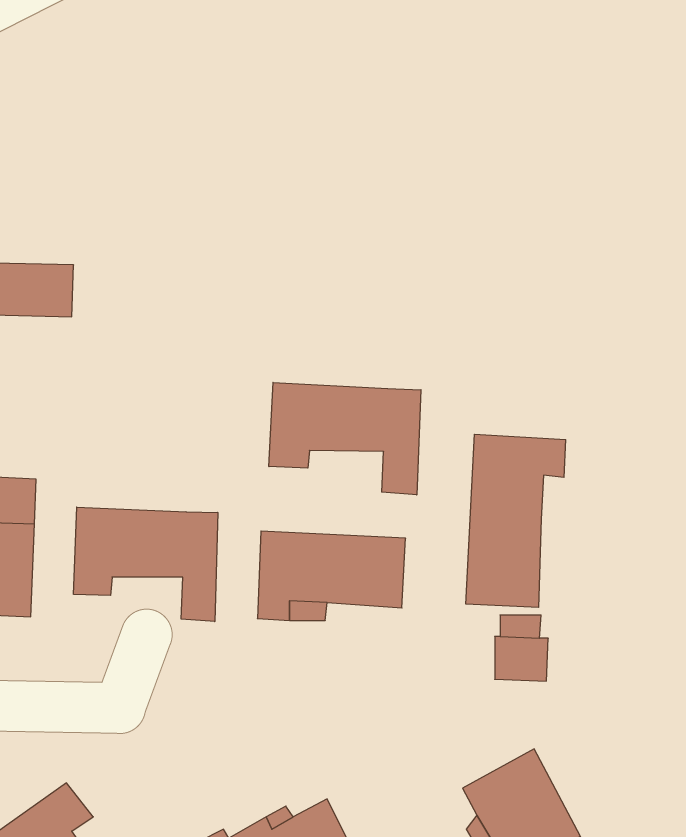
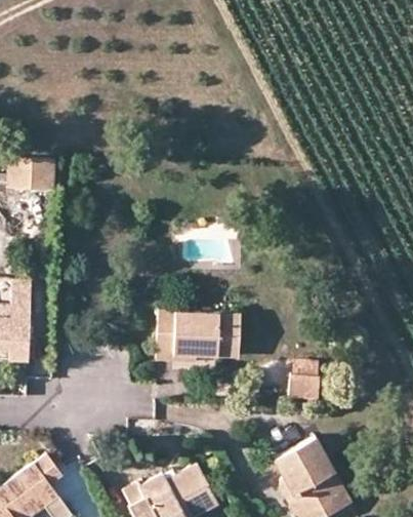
building: [269,382,421,495] -> none
building: [466,434,566,607] -> none
building: [74,507,218,622] -> none

